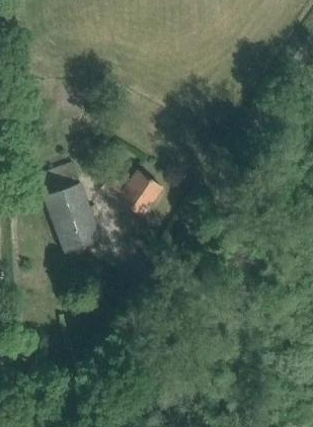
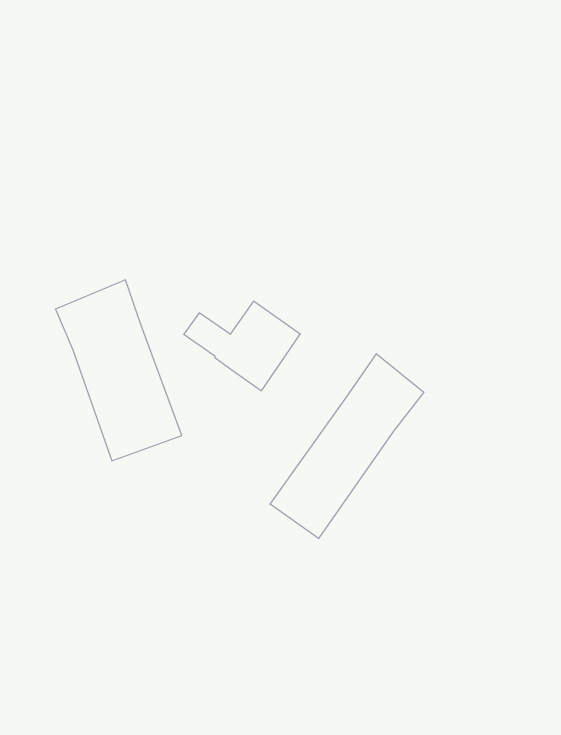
building: none -> [270,354,424,539]

